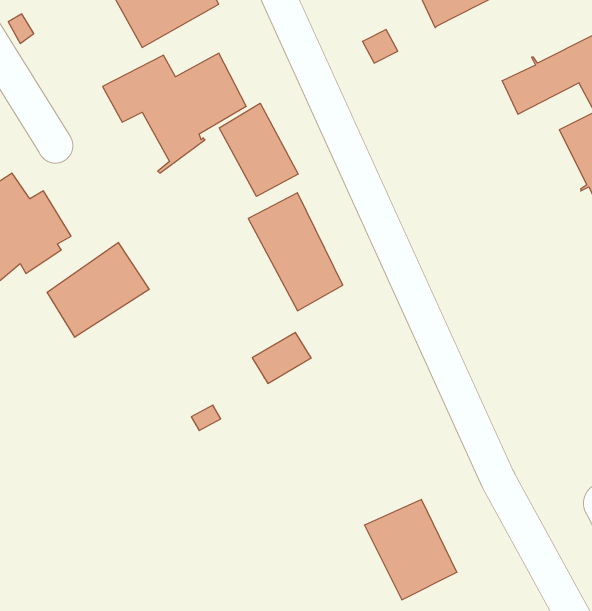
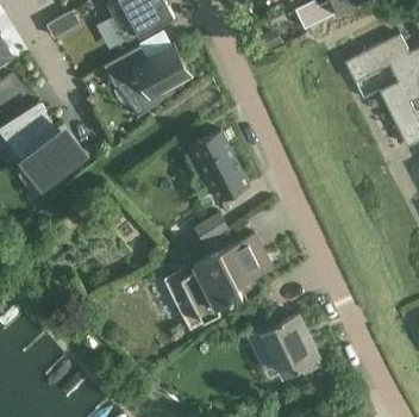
building: [219,103,298,196] -> none
building: [47,242,149,337] -> none
building: none -> [164,234,273,330]

